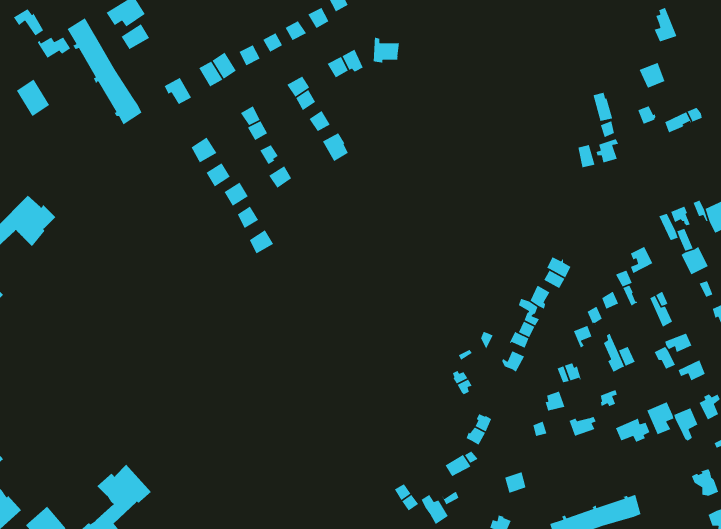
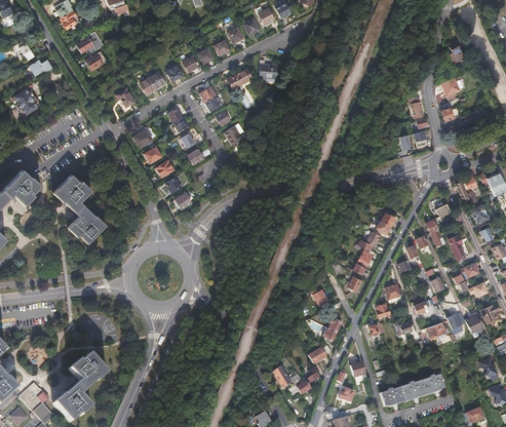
building: [67,17,143,126] -> none
building: none -> [53,173,106,242]

